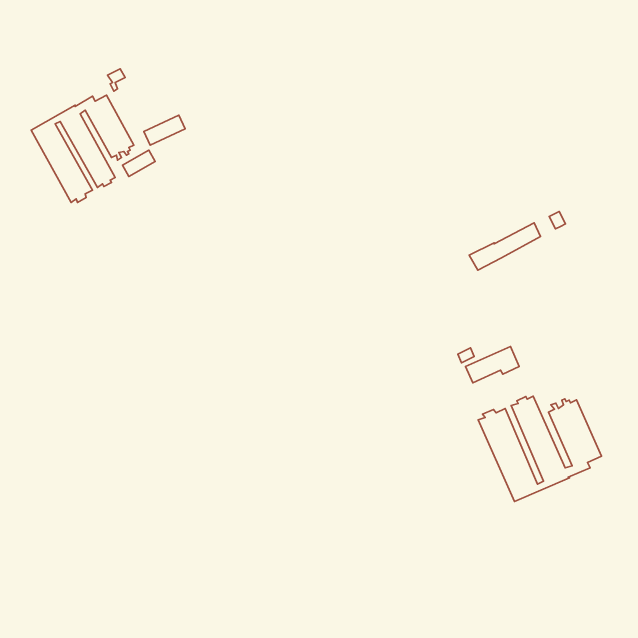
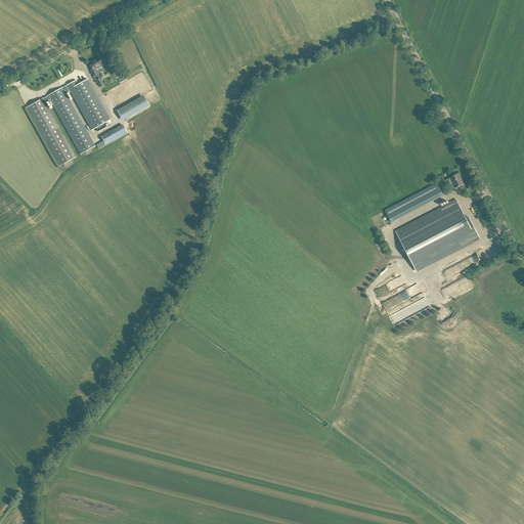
building: none -> [395,199,479,270]
building: [478,396,602,502] -> none

